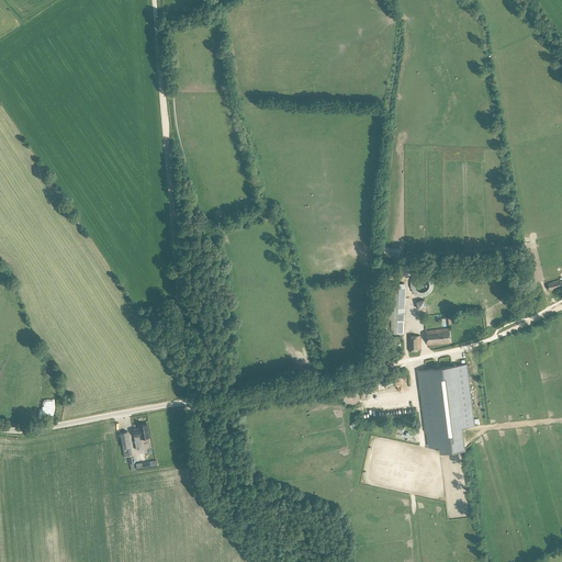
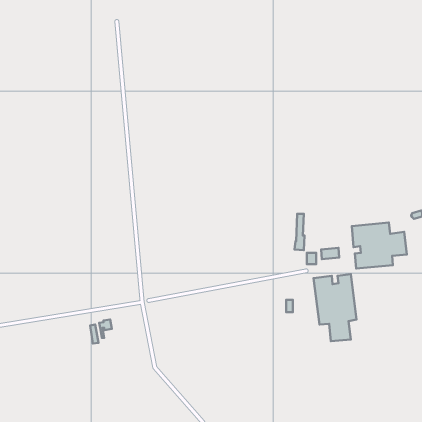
building: none -> [352,223,407,269]

